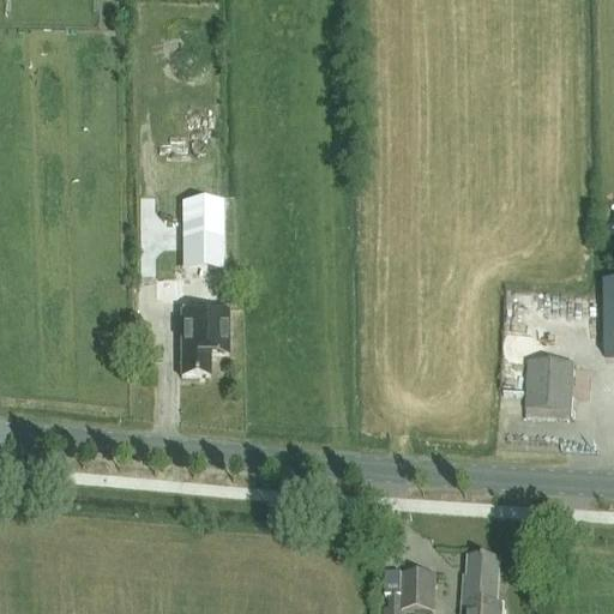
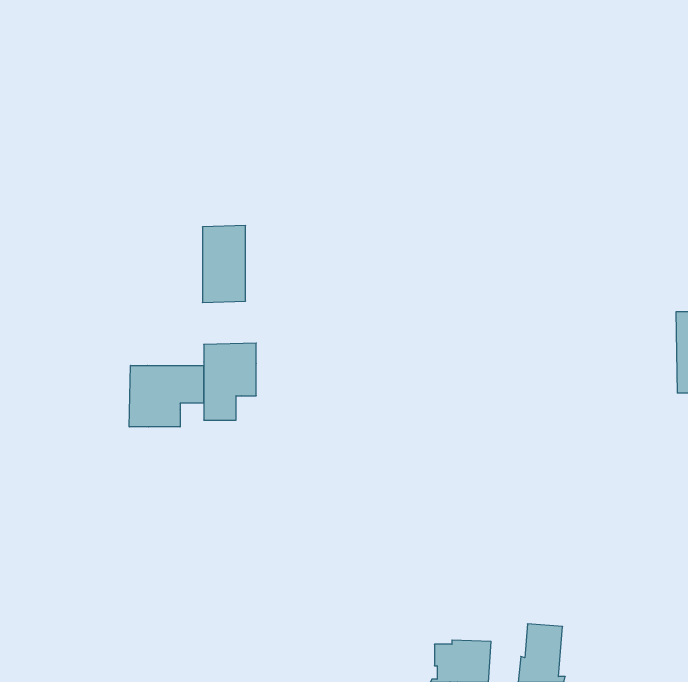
building: none -> [129,365,204,427]
building: [528,359,573,409] -> none

